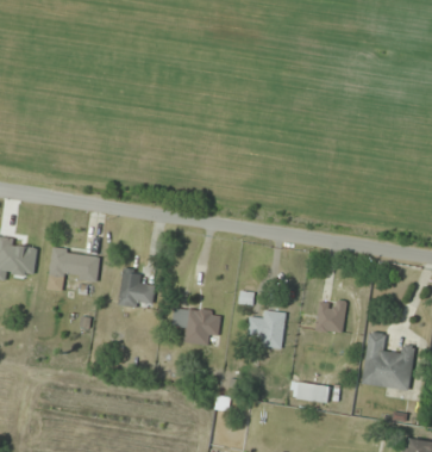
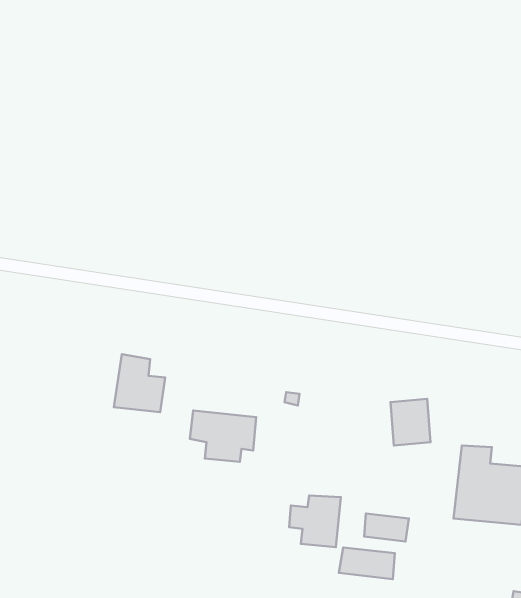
building: [48,247,100,291] -> none
building: [249,311,286,348] -> [289,496,341,547]
building: none -> [339,547,395,579]

